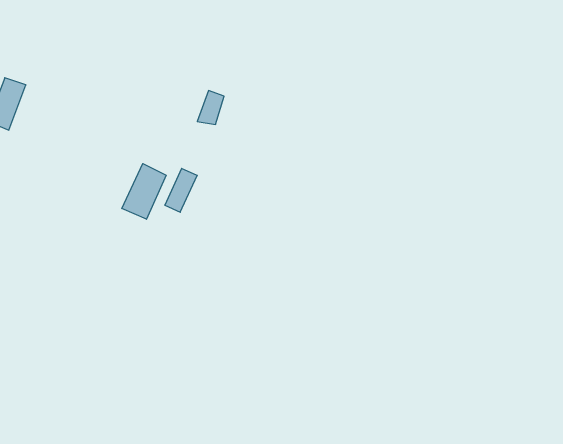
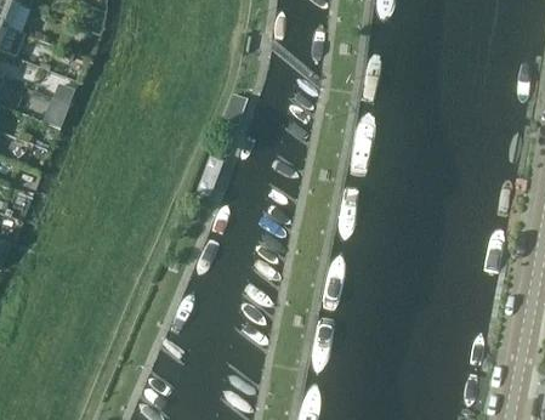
building: [122,164,166,219] -> none

